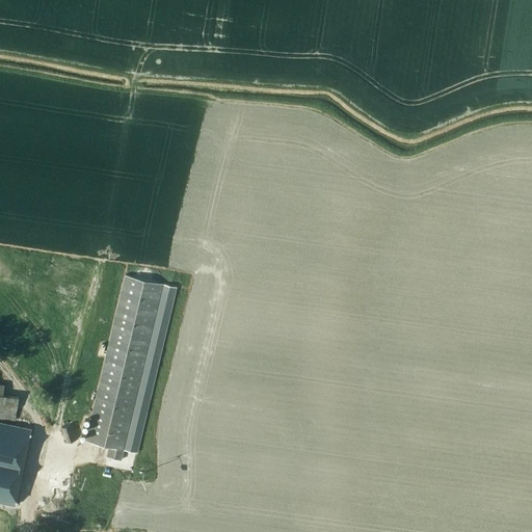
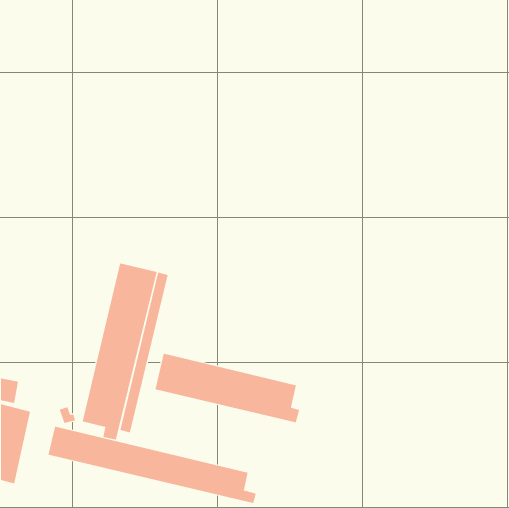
building: none -> [155,353,300,423]
building: none -> [48,426,256,504]

